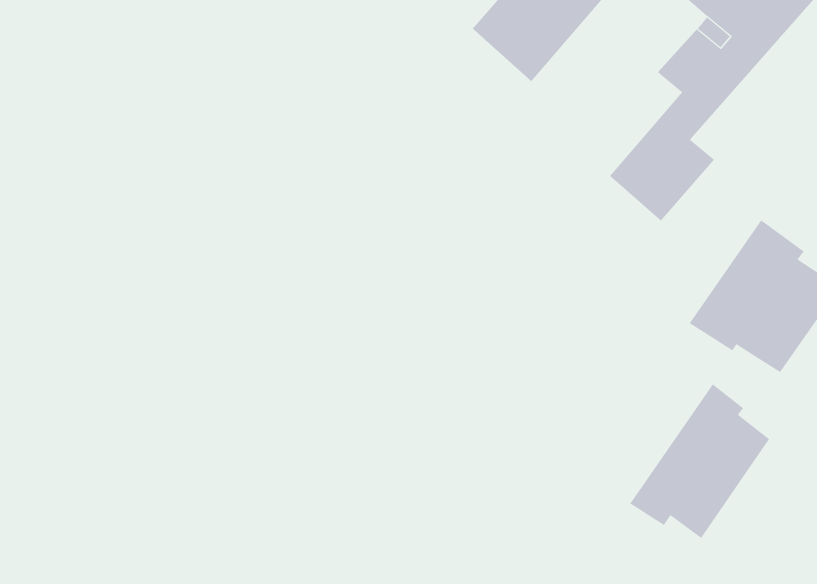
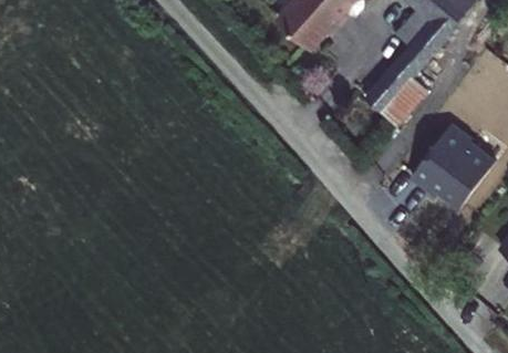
building: [629,384,770,539] -> none

